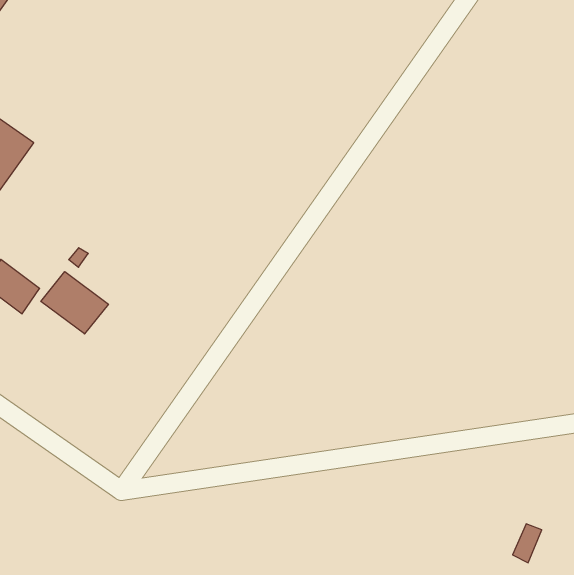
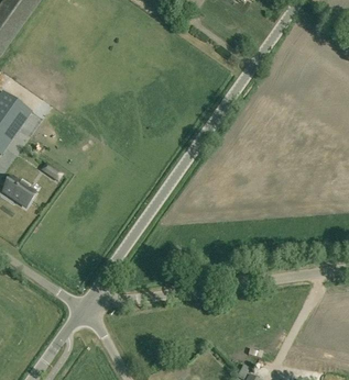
building: [41,272,108,334] -> none

